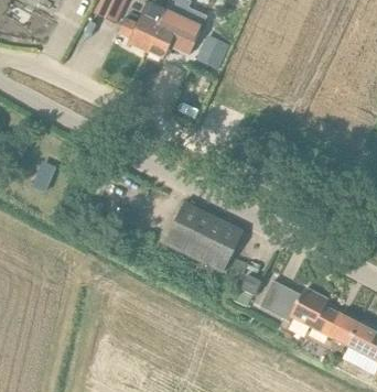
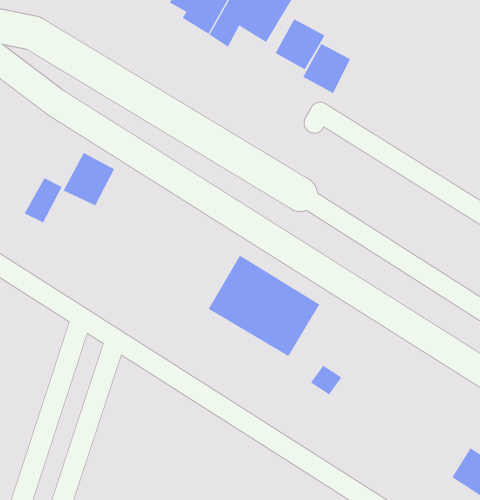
building: none -> [302,43,351,94]
building: none -> [63,152,115,206]
building: [260,280,357,345] -> none

